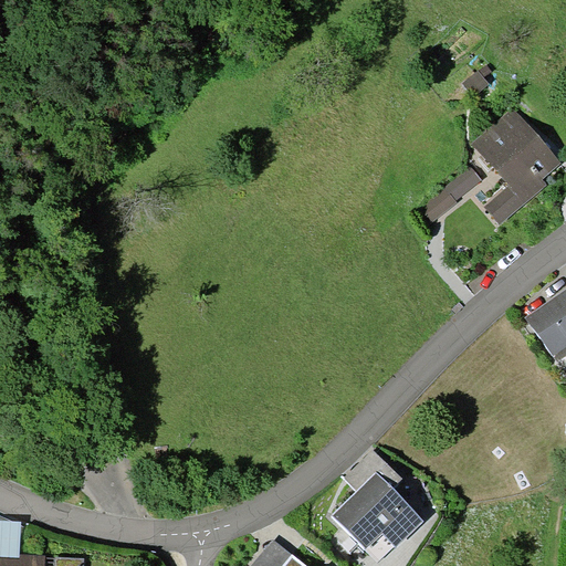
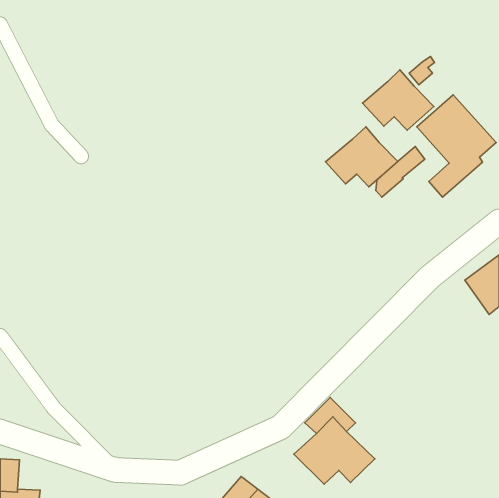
building: none -> [363,70,434,130]
building: none -> [326,127,398,187]

